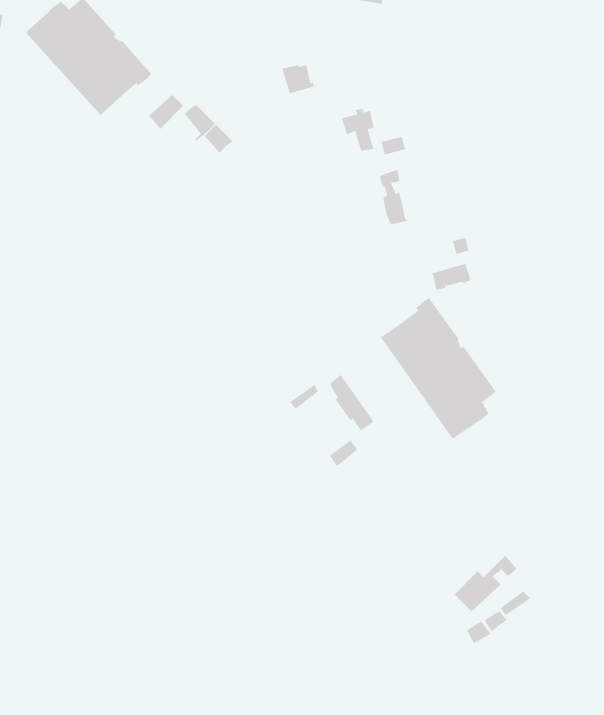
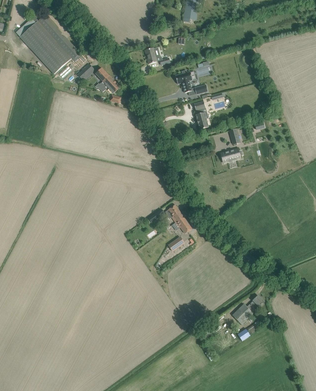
building: [380,297,497,440] -> none

